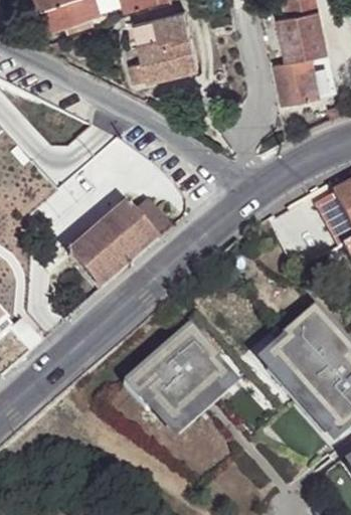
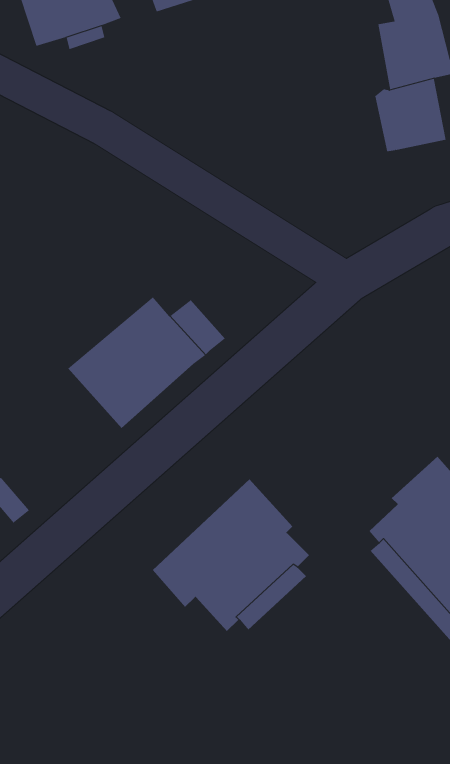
building: [130,10,200,81] -> none

